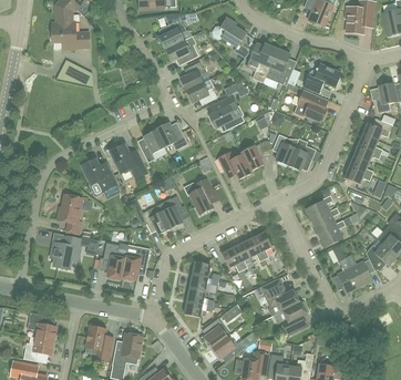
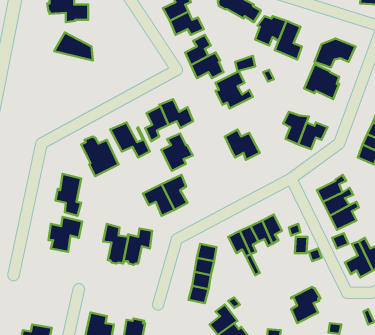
building: [241,141,270,172] -> none
building: [189,178,219,214] -> [161,133,193,171]
building: [261,278,299,315] -> none
building: [28,312,56,340] -> none

